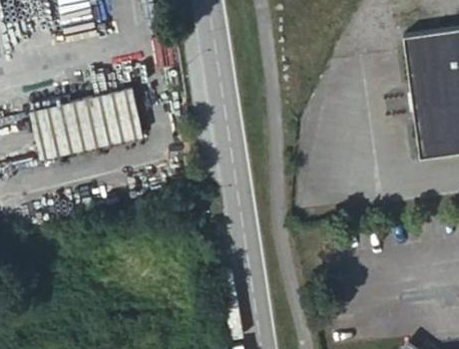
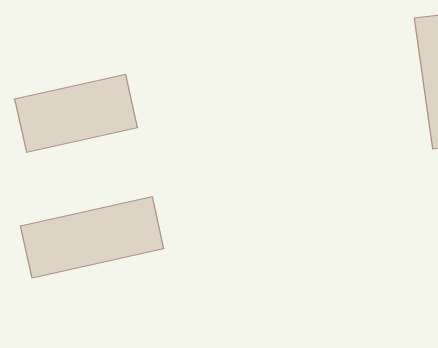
building: none -> [21,197,164,278]

